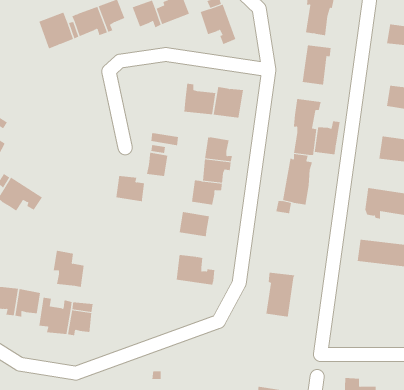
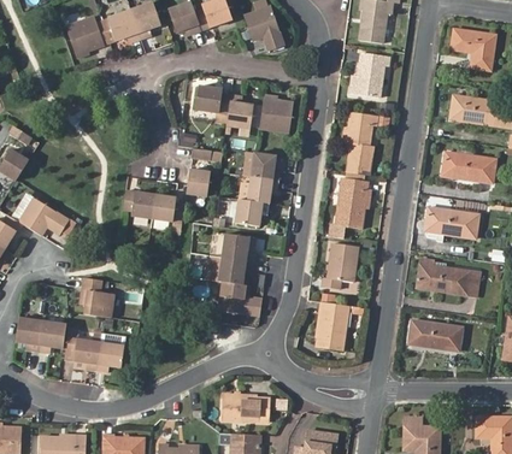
building: none -> [194,84,229,113]
building: [314,121,340,155] -> none
building: none -> [122,191,154,219]
building: none -> [320,241,357,288]
building: none -> [202,257,251,284]
building: none -> [408,320,461,353]
building: none -> [220,393,269,421]

